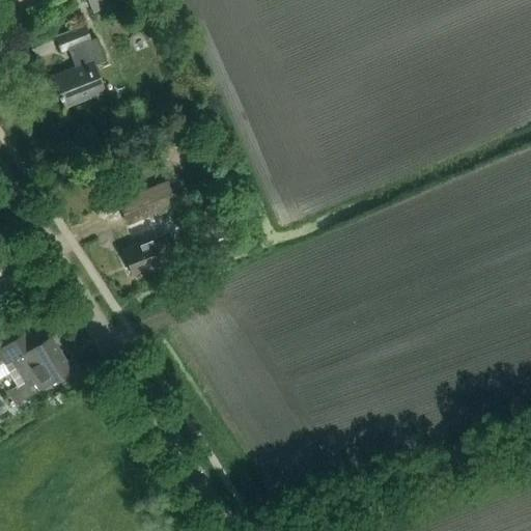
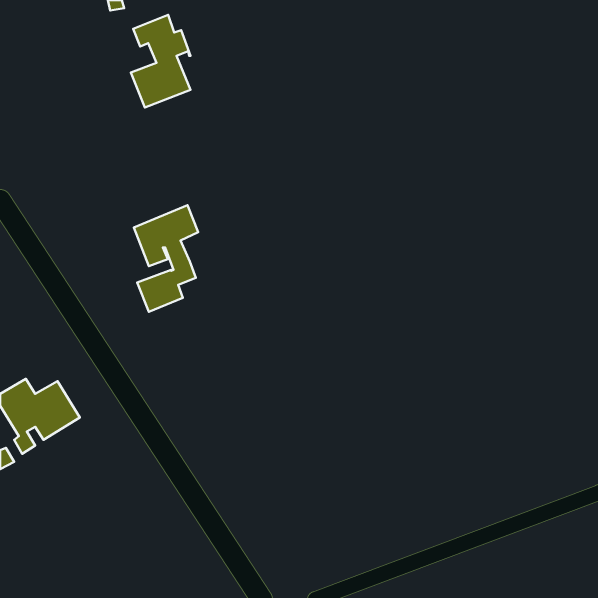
building: [53,26,106,108] -> [131,15,191,108]

